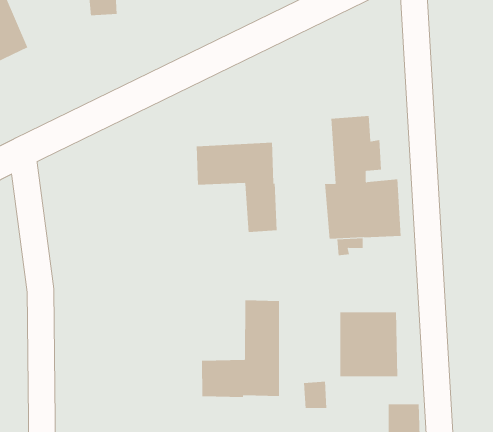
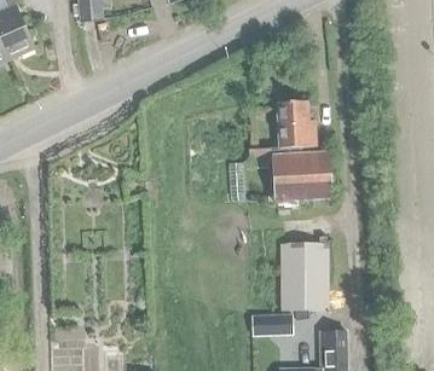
building: [196,142,277,233] -> none
building: [201,299,279,398] -> none

